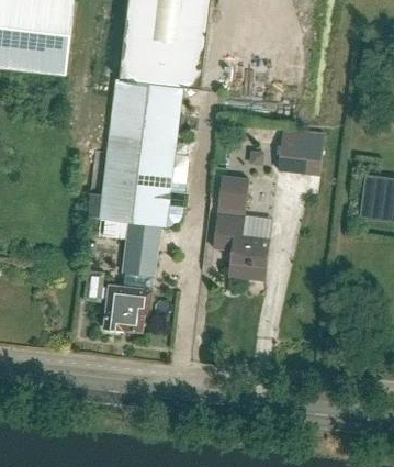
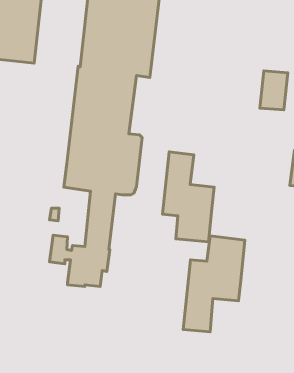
building: [278,126,309,171] -> [260,71,288,110]
building: none -> [183,236,245,332]

